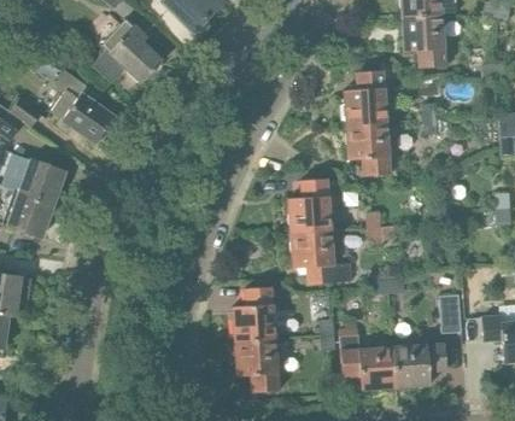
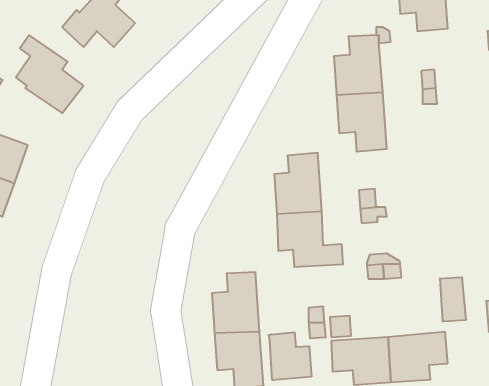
building: none -> [269,332,311,380]

